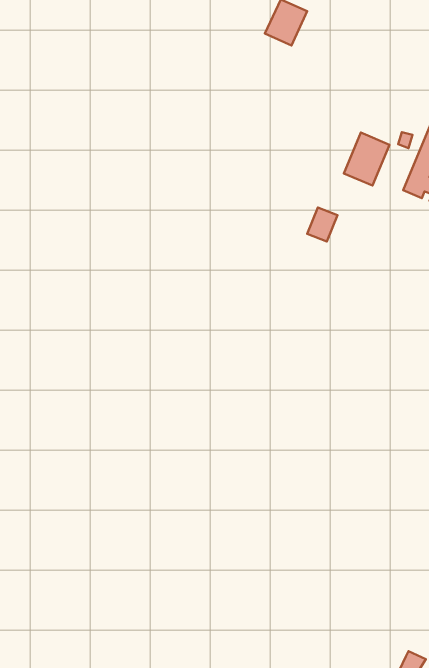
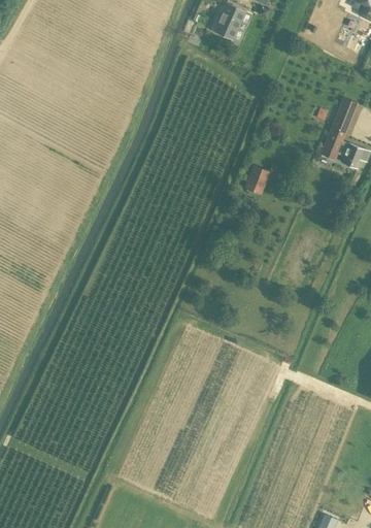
building: [344,133,390,186] -> none

